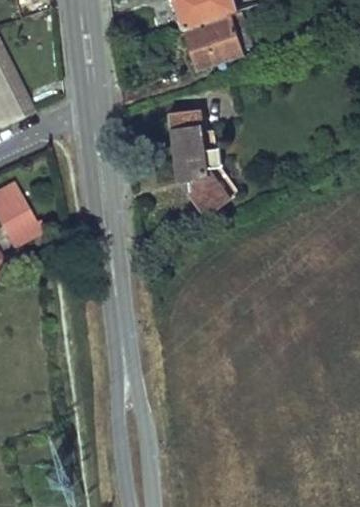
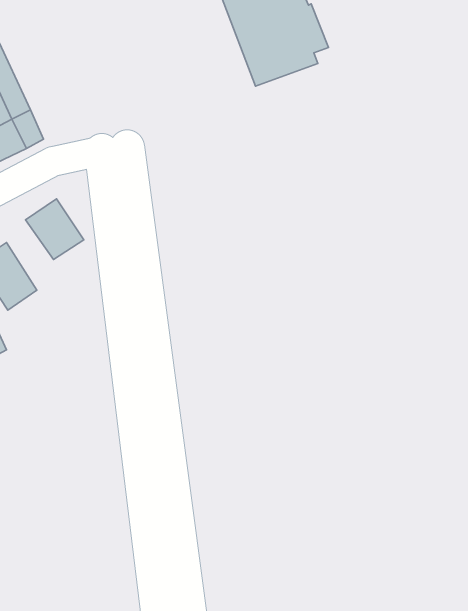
building: [170,111,218,204] -> none
building: none -> [26,199,84,260]

